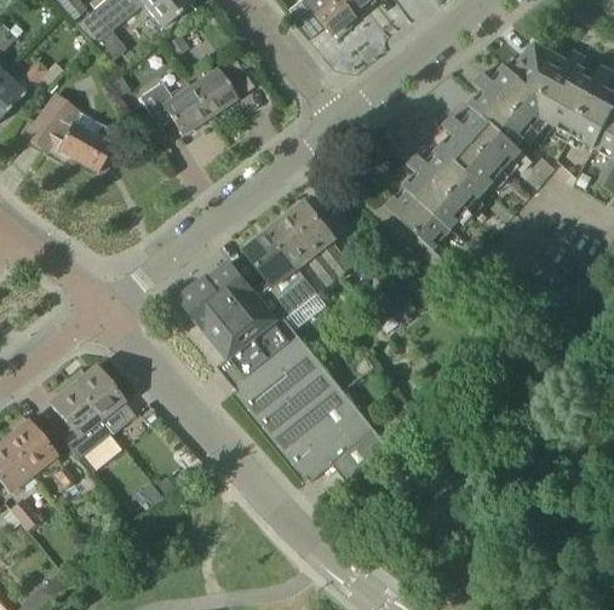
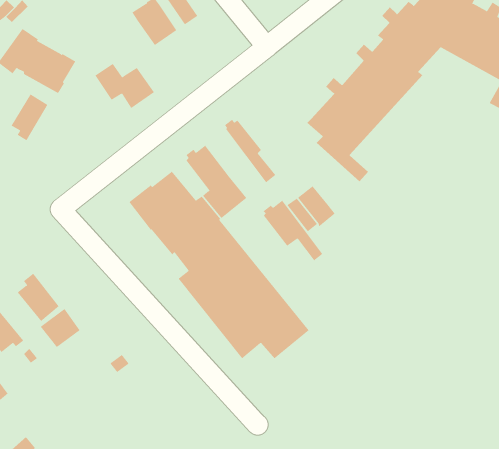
building: [138,82,208,136] -> [94,63,155,109]
building: none -> [11,94,48,141]
building: [268,213,338,284] -> [263,200,323,261]
building: [68,367,121,419] -> none

